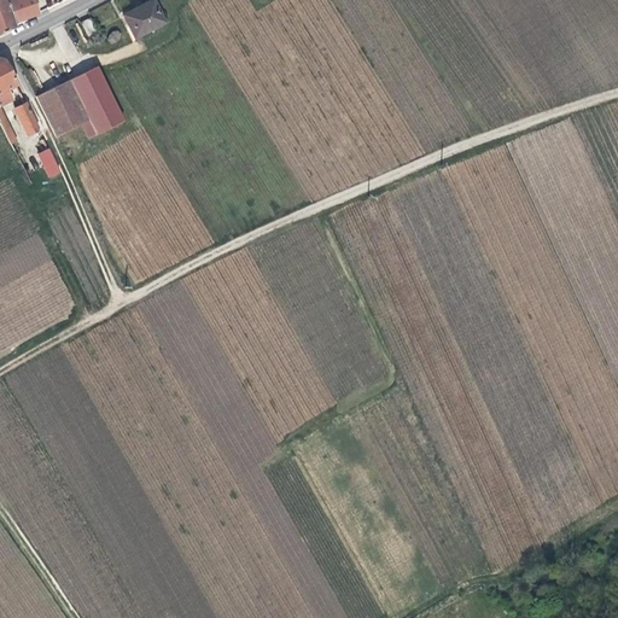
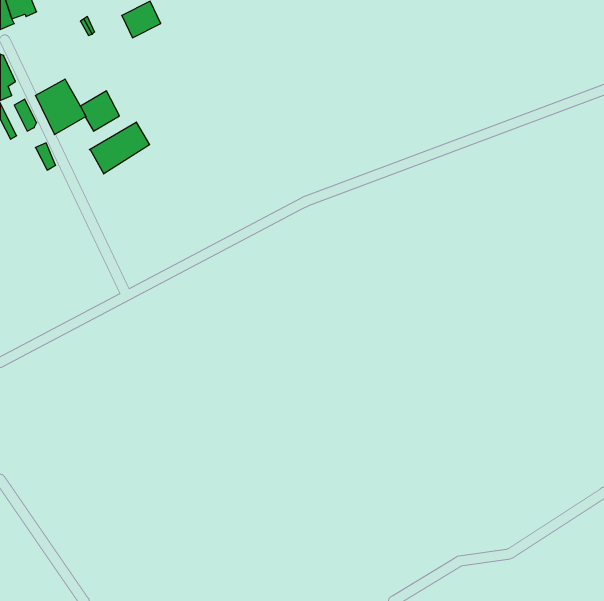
building: [66,65,109,109] -> none
building: none -> [89,122,150,174]

